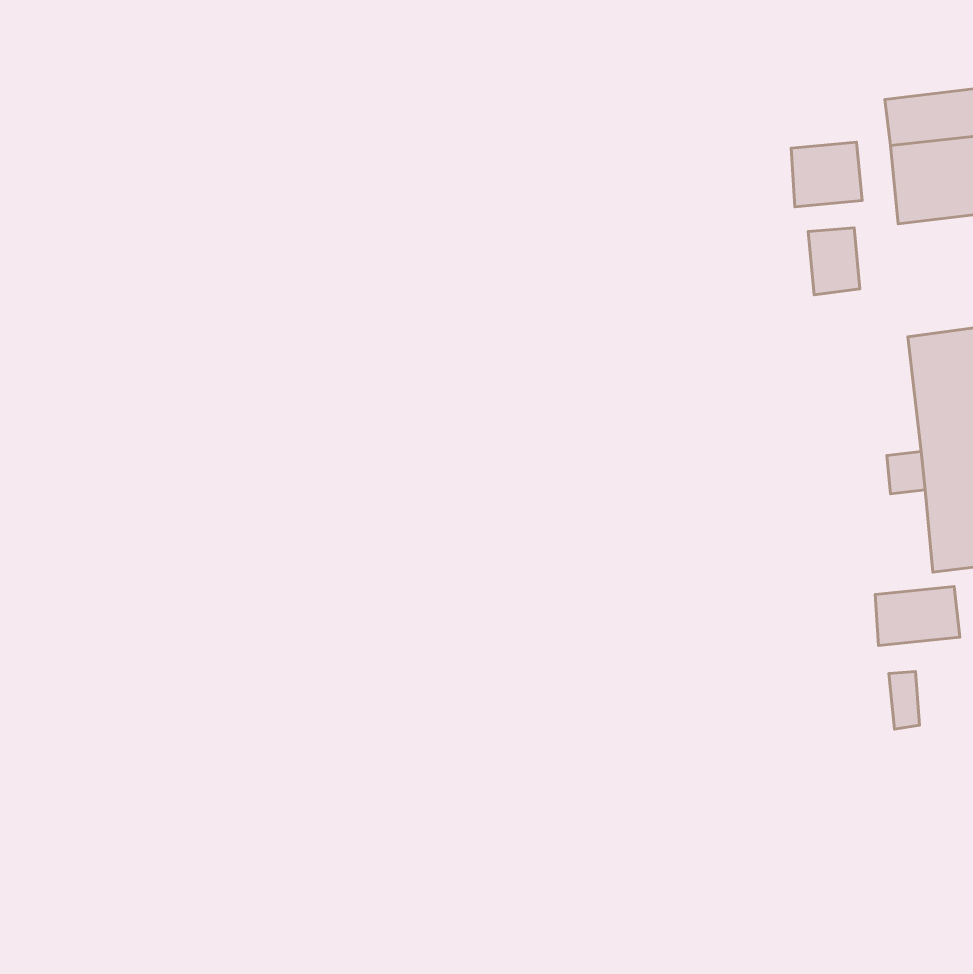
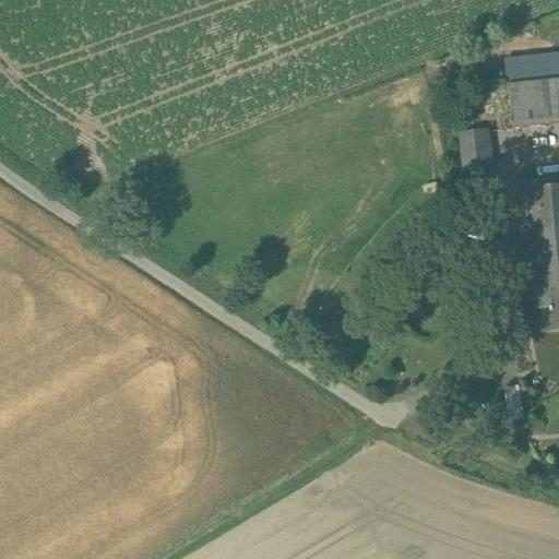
building: [791,142,862,207] -> none
building: [875,587,960,646] -> none

